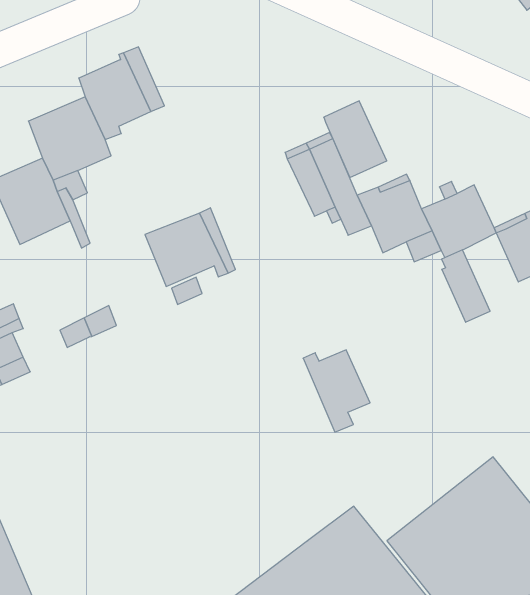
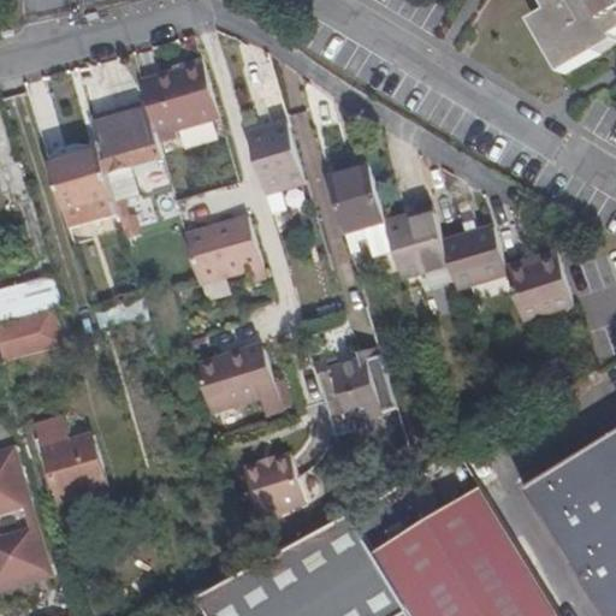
building: [324,101,387,178] -> [249,131,302,201]
building: [442,250,490,322] -> [356,350,396,417]
building: none -> [194,344,282,414]
building: none -> [37,417,109,500]
building: none -> [244,455,307,520]

